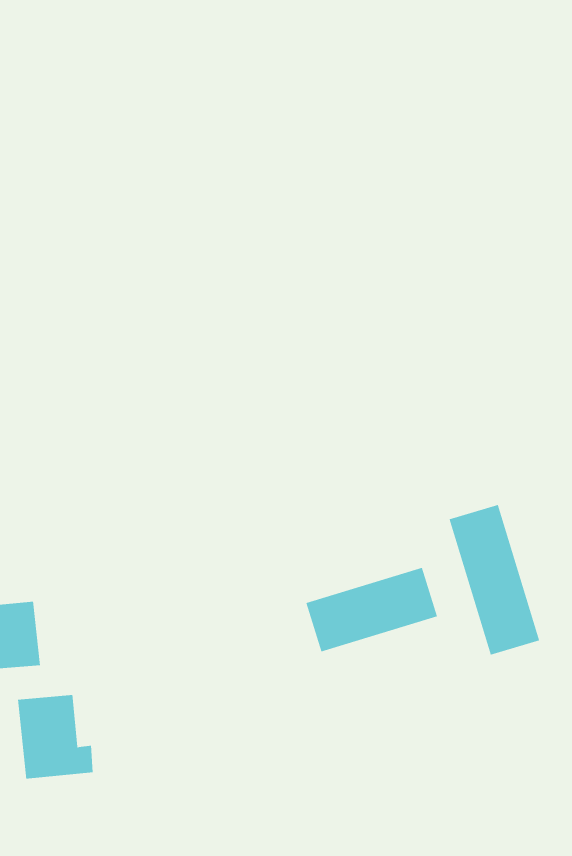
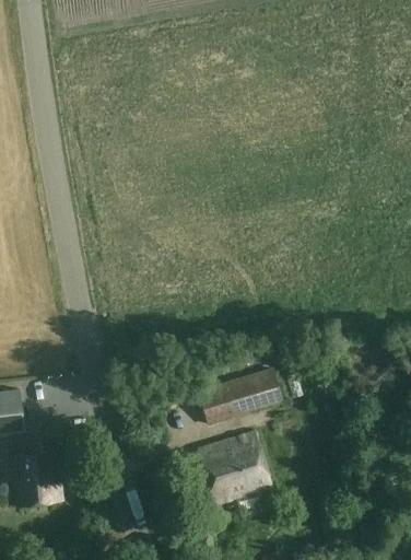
building: [449,504,540,656] -> none
building: none -> [199,430,273,503]

